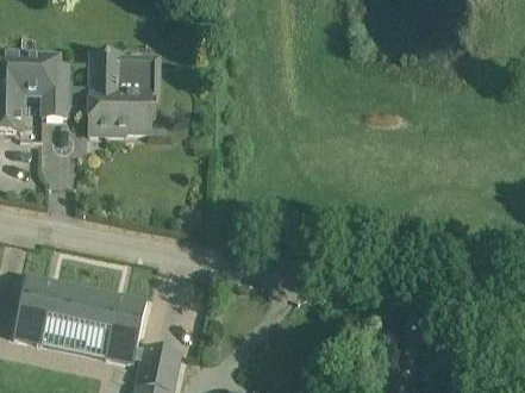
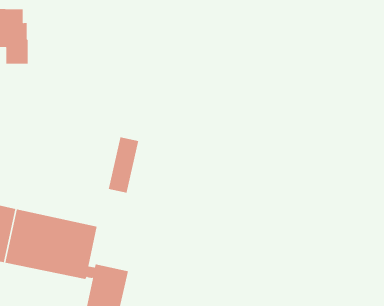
building: [67,51,160,135] -> none
building: none -> [108,136,139,193]

